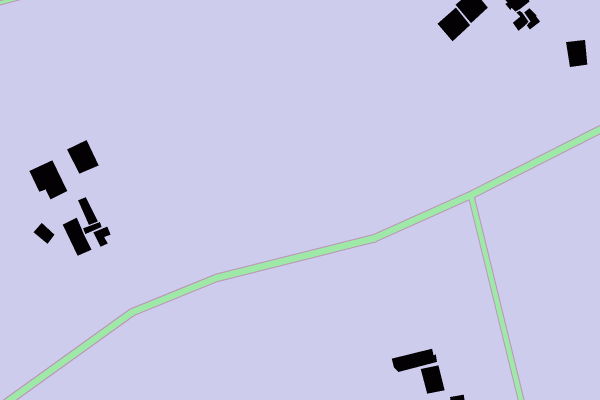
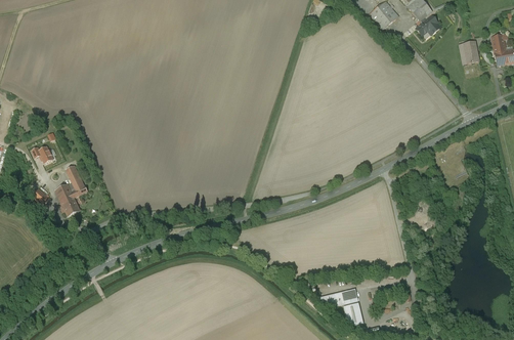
building: [436,7,471,42] -> none
building: [66,139,100,175] -> none

